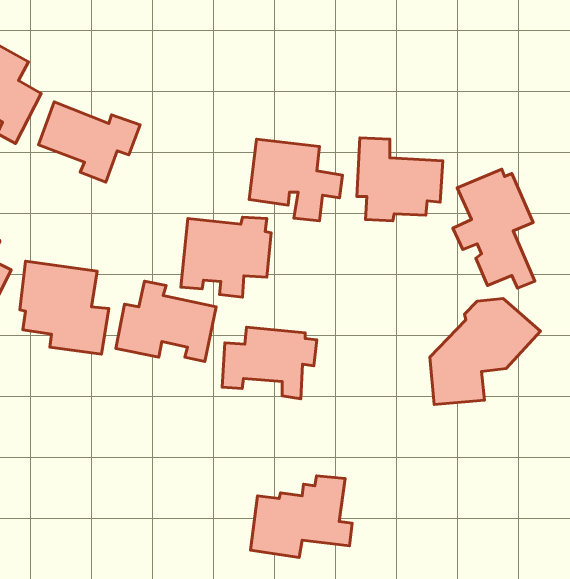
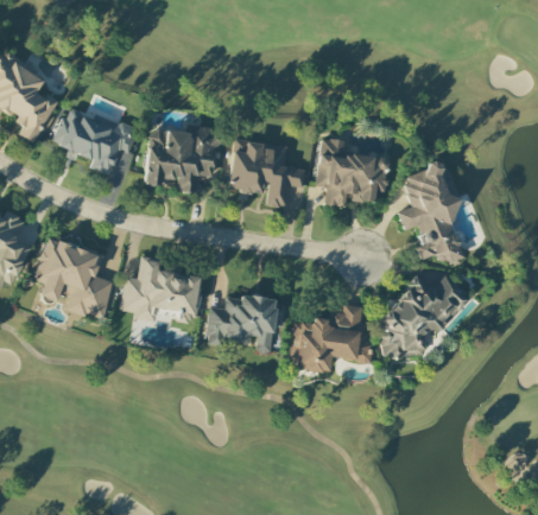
building: [181,217,271,297] -> [144,126,219,192]
building: [250,476,352,557] -> [287,304,372,371]

